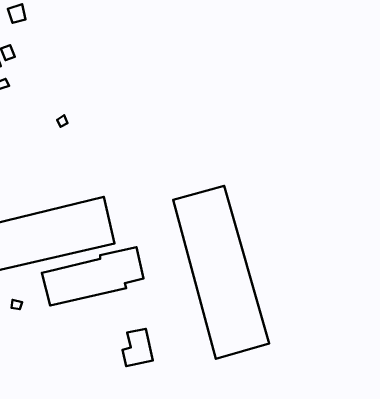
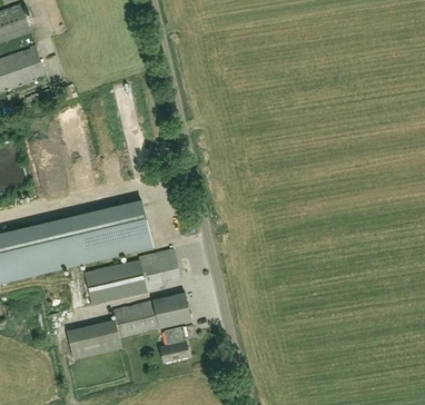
building: [173,186,269,359] -> none
building: none -> [66,290,191,358]

